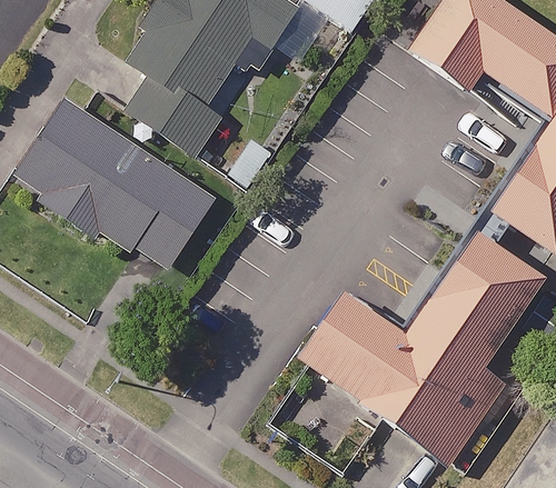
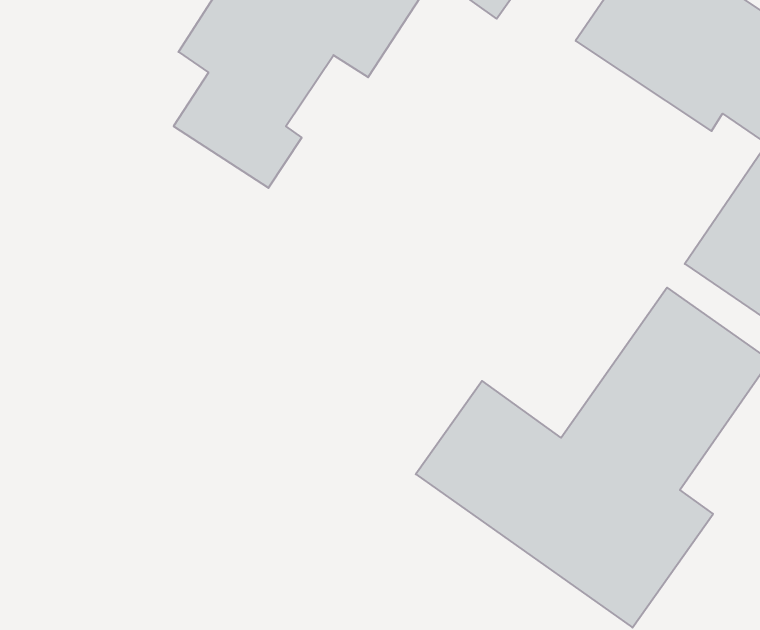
building: [16,103,215,270] -> none

